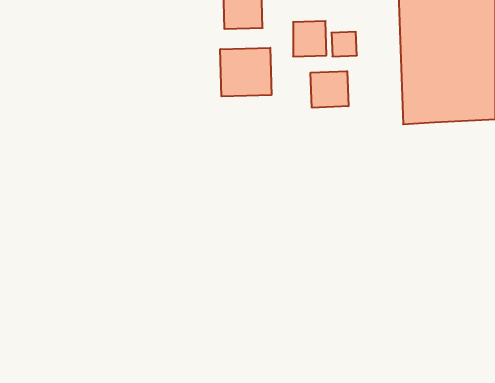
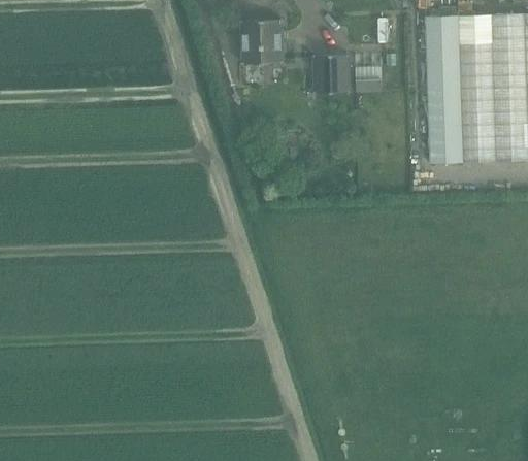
building: [220,48,271,96] -> none
building: [311,71,348,108] -> none

